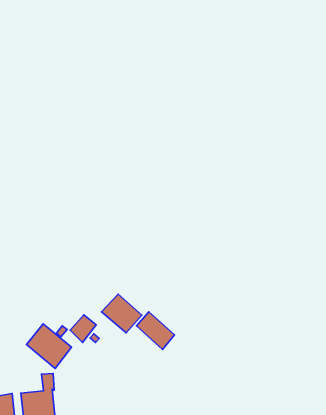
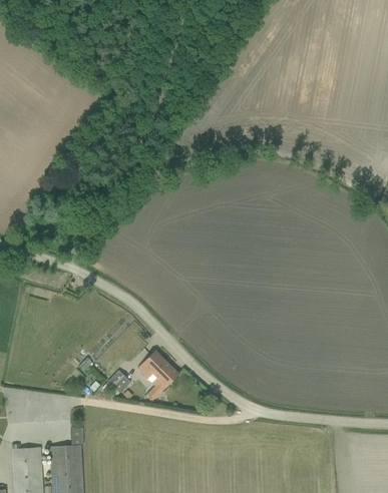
building: [137,312,174,349] -> none
building: [27,324,72,369] -> none

